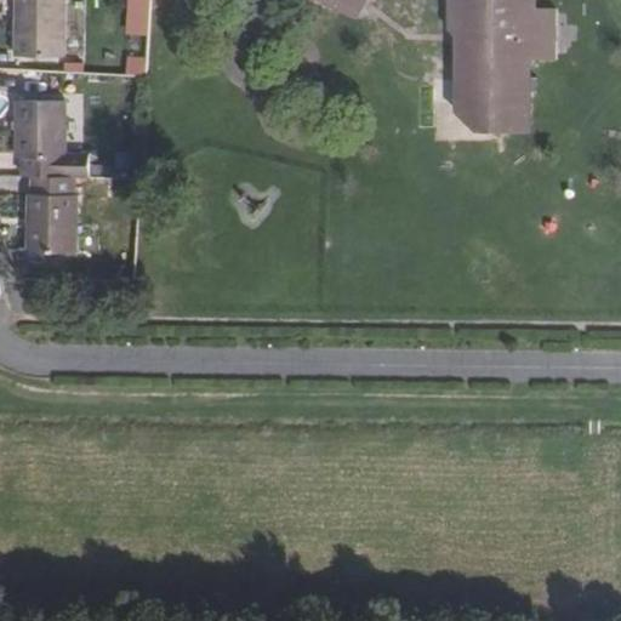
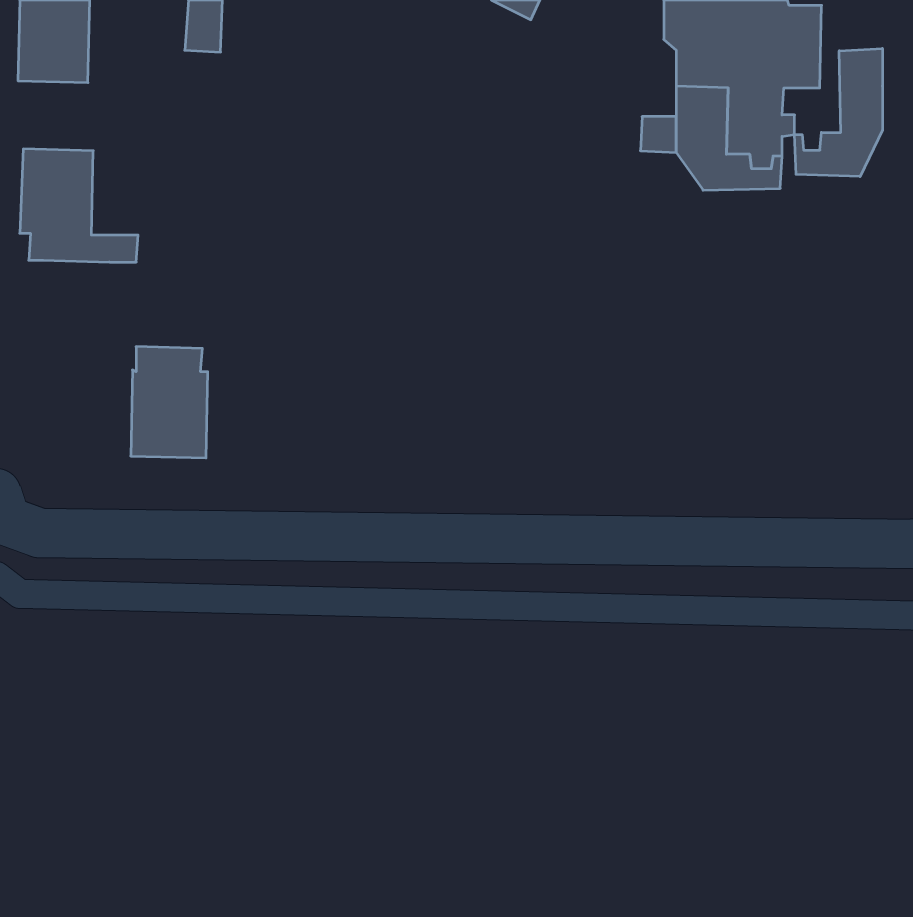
building: none -> [795,48,882,177]
building: [25,176,78,251] -> [131,347,208,458]

